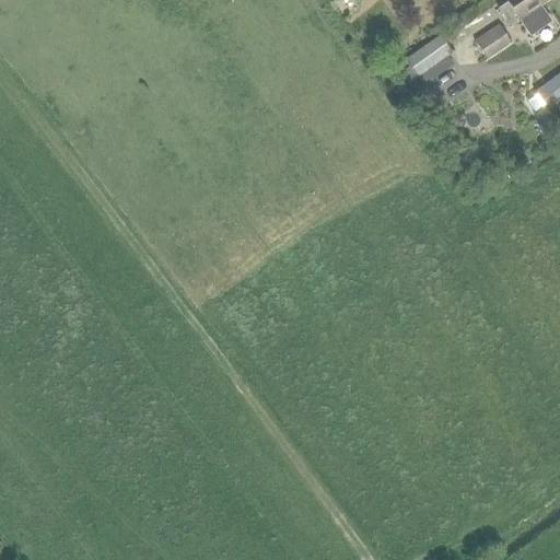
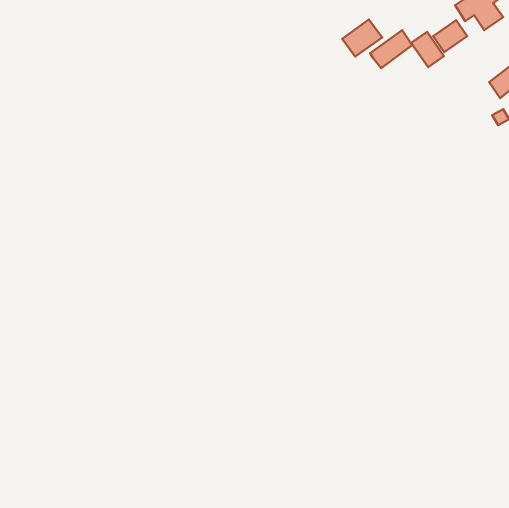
building: none -> [342,19,382,57]
building: none -> [411,32,444,67]

